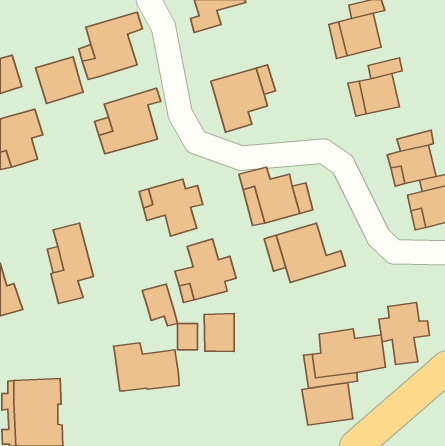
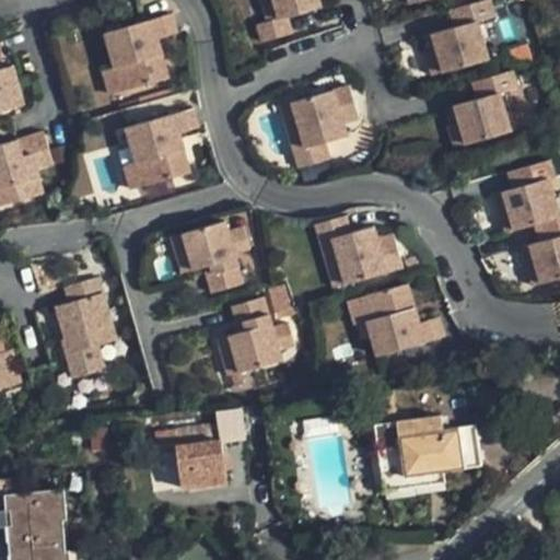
building: [35,57,83,103] -> none
building: [142,284,177,326] -> none
building: [379,303,429,364] -> none
building: [204,313,234,351] -> none
building: [302,383,353,425] -> none

